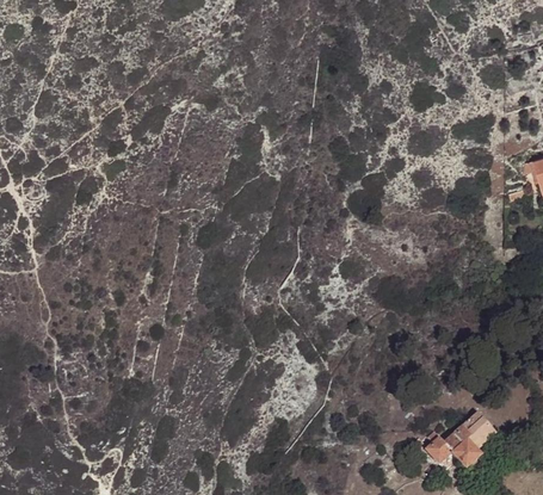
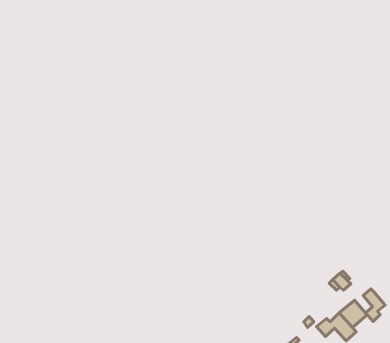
building: none -> [363,289,385,322]

